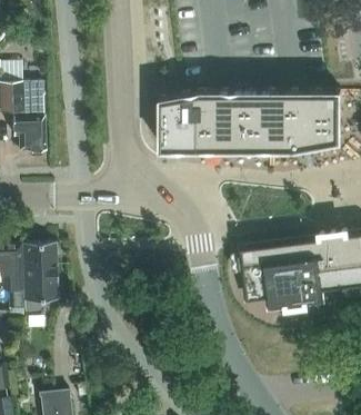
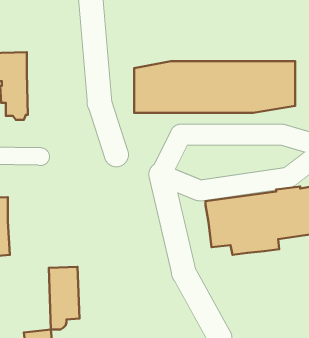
building: [22,241,57,312] -> [49,267,79,330]

